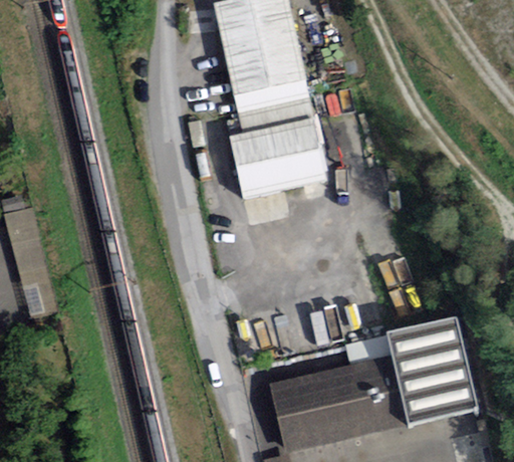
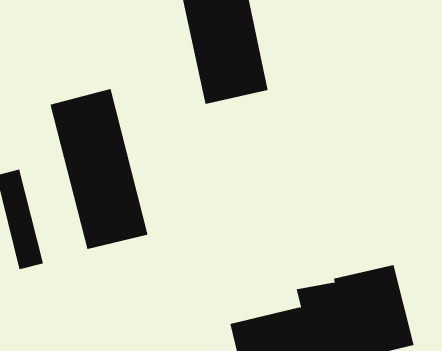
building: none -> [50,88,148,250]
building: [229,119,328,200] -> none

